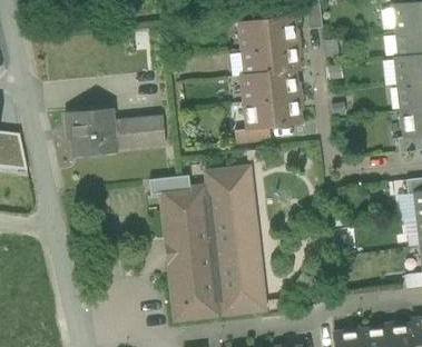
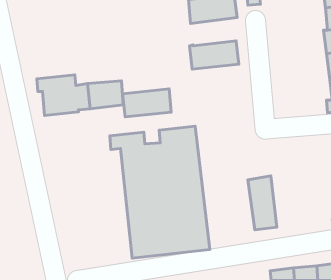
building: [242,43,298,76] -> none
building: [244,97,300,129] -> [122,89,171,117]
building: none -> [248,176,277,230]

